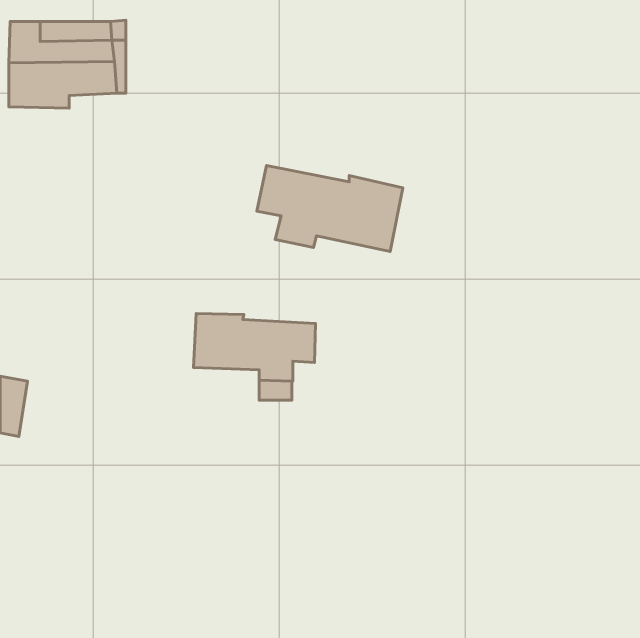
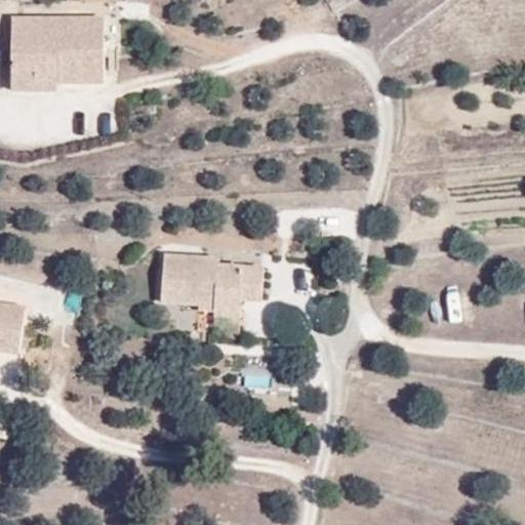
building: [257,165,403,252] -> none

